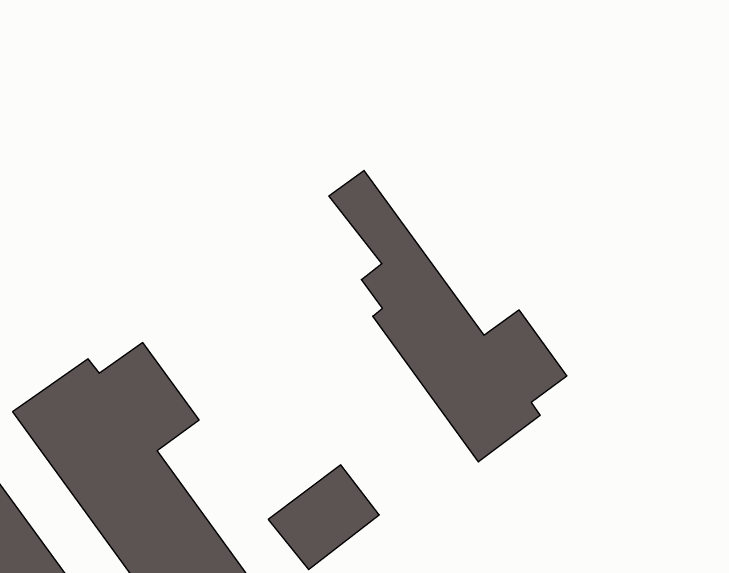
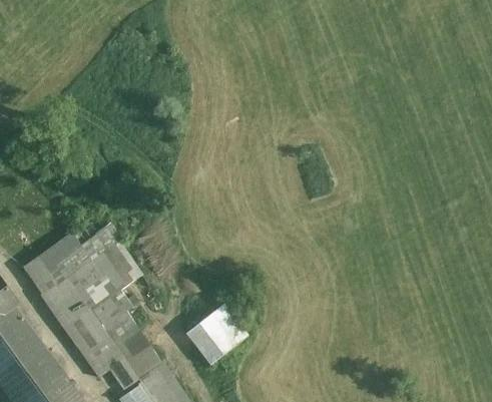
building: [329,170,567,462] -> none

